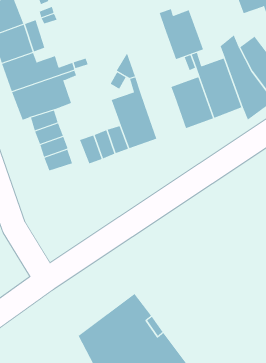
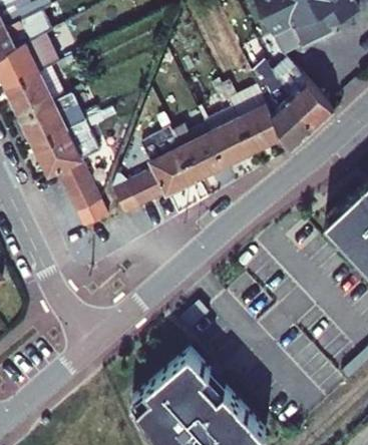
building: [159,9,204,60] -> [172,127,225,182]

